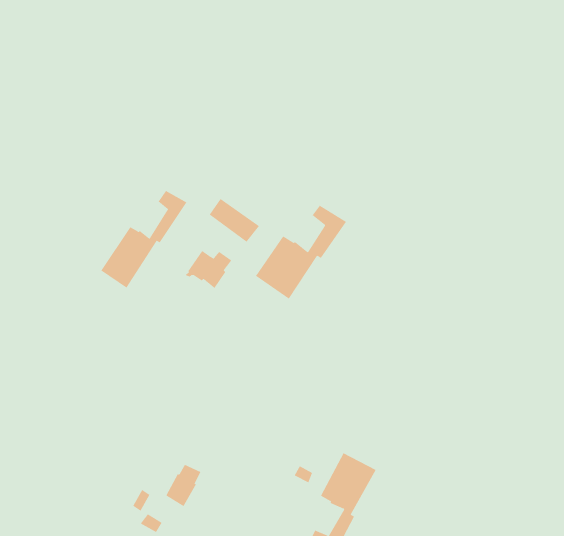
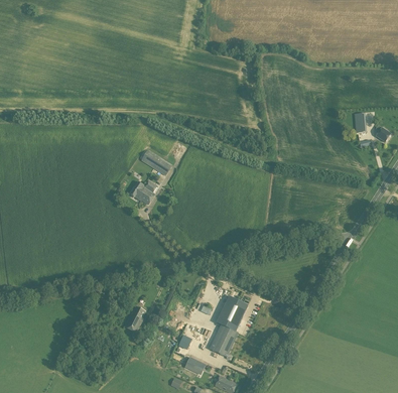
building: [100,190,187,289] -> none
building: [255,205,347,300] -> none

